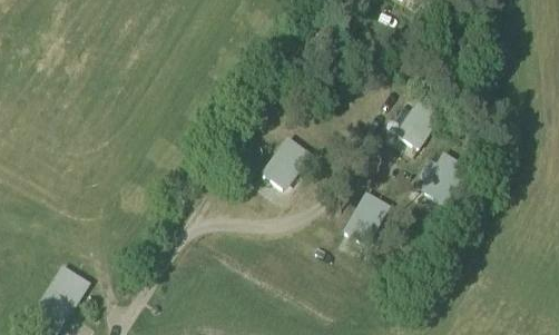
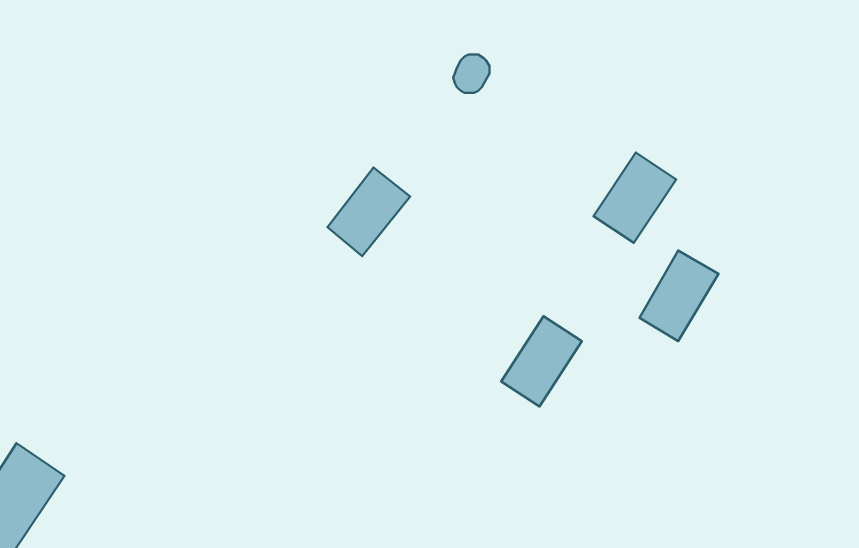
building: [262,138,310,189] -> [328,168,410,256]

